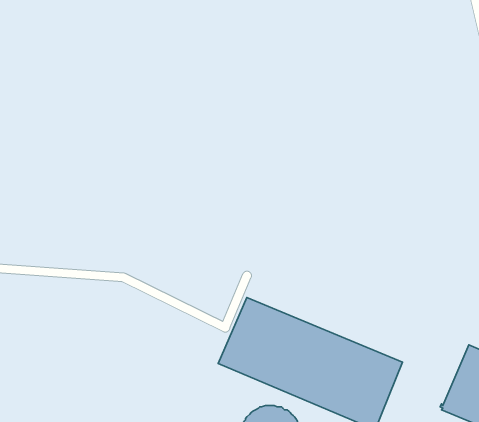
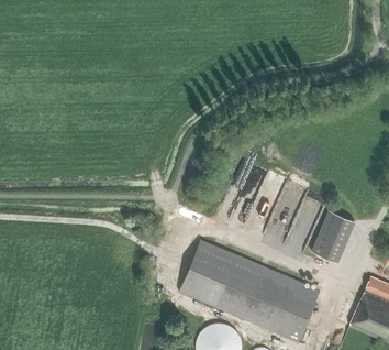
building: none -> [312,210,355,262]

